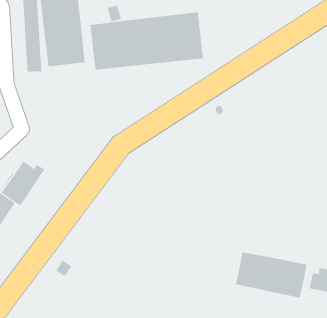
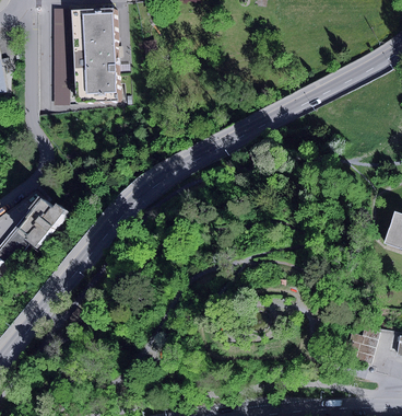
building: [90,11,204,71] -> none
building: [236,251,307,298] -> none

